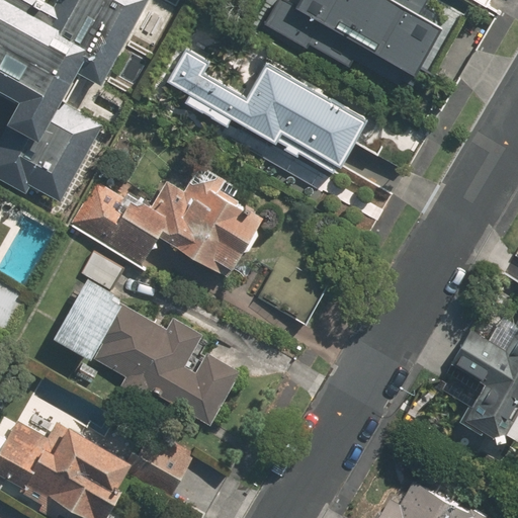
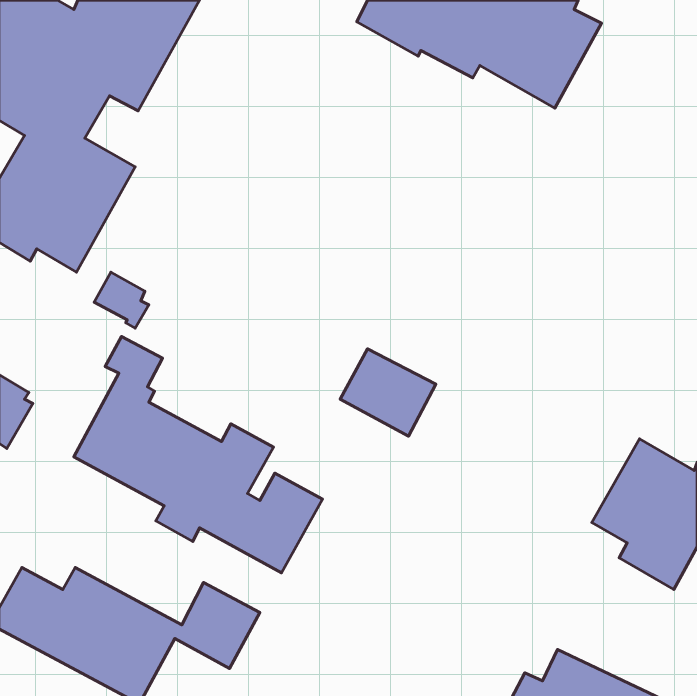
building: [165,48,368,172] -> none
building: [100,179,264,279] -> none

